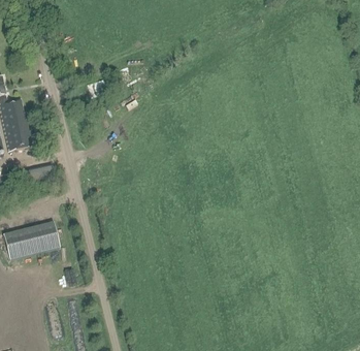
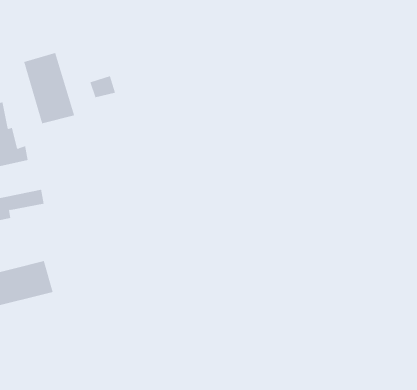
building: none -> [24,52,75,124]

